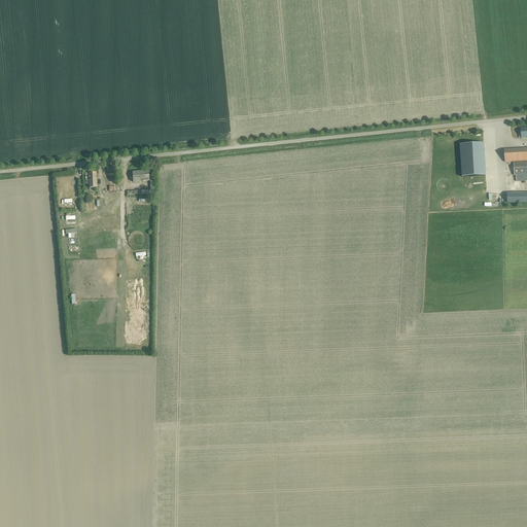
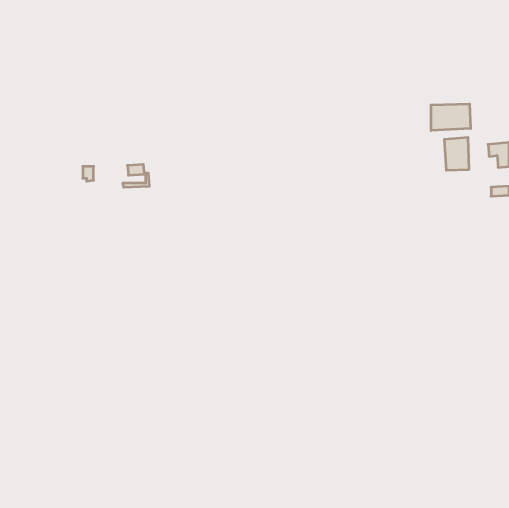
building: none -> [431,104,471,131]

